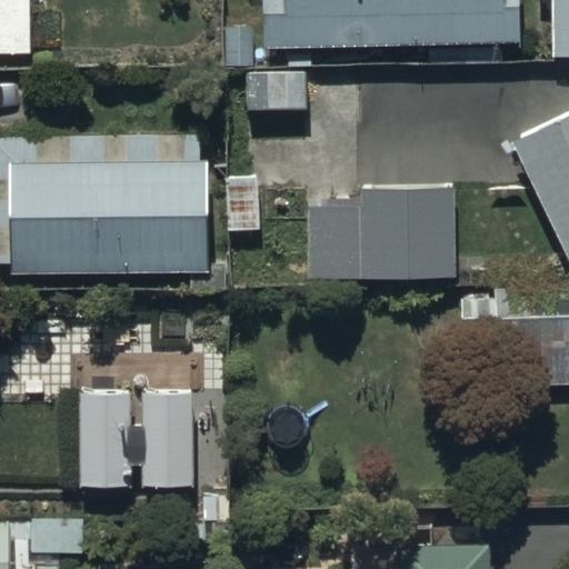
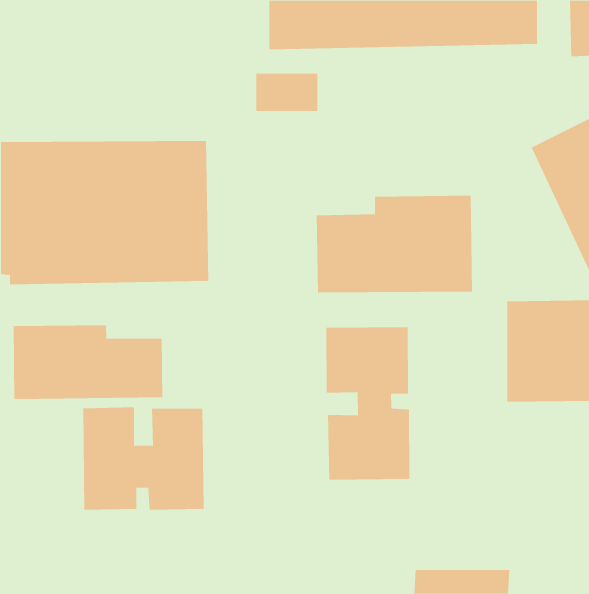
building: none -> [13,325,163,400]
building: none -> [326,326,410,481]

